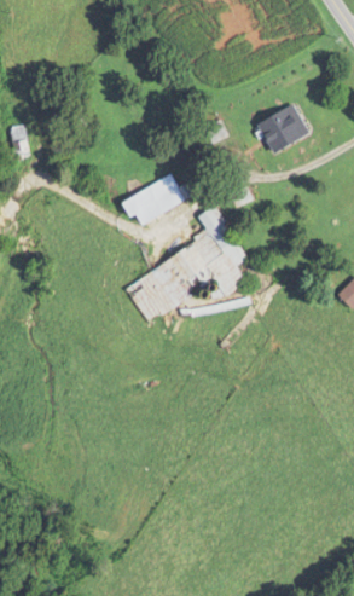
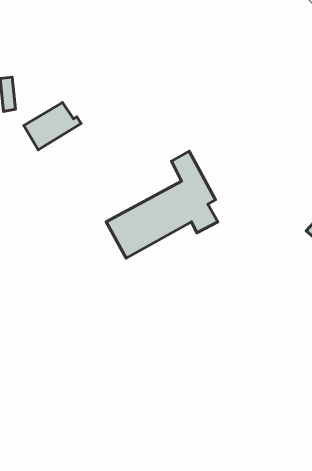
building: [266,110,309,150] -> none
building: [126,174,188,226] -> [24,102,81,150]

